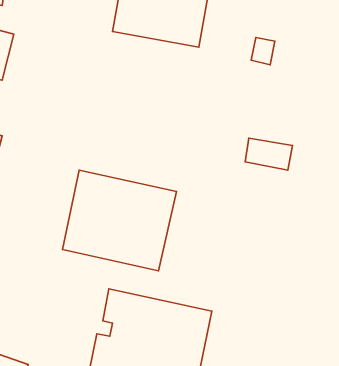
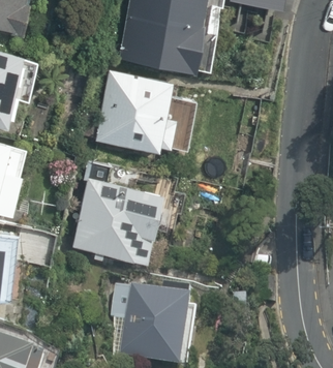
building: none -> [82,64,196,152]

